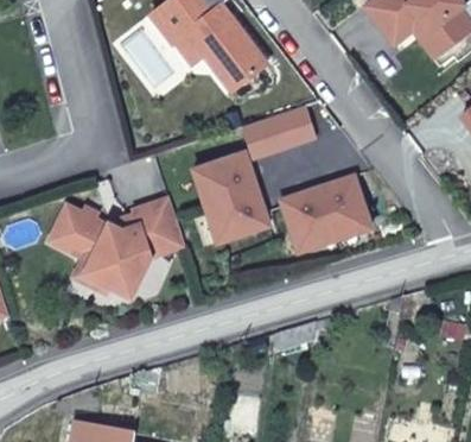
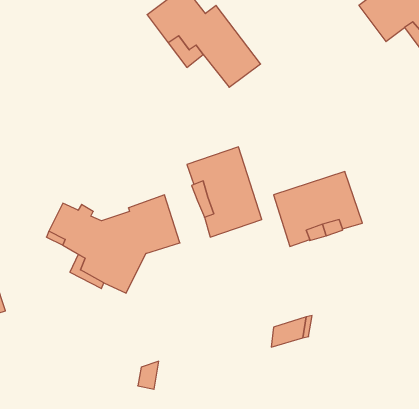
building: [241,106,314,157] -> none

